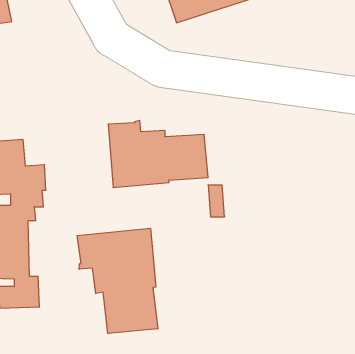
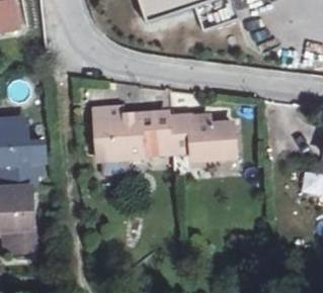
building: none -> [171,113,235,158]
building: [77,228,158,334] -> none

